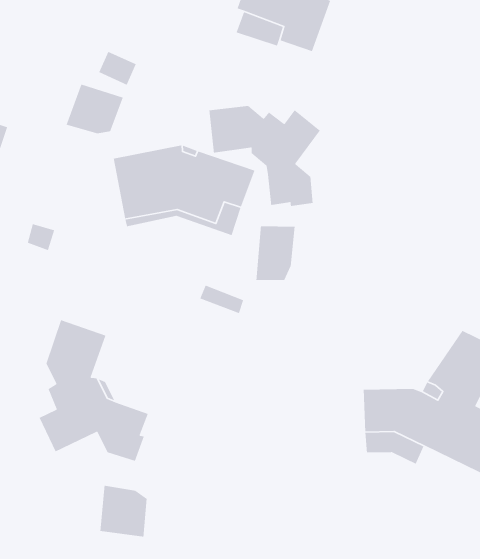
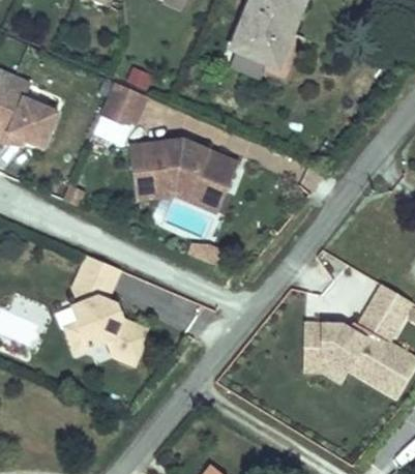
building: [209,105,321,207] -> none
building: [256,225,296,281] -> none
building: [99,485,147,537] -> none

